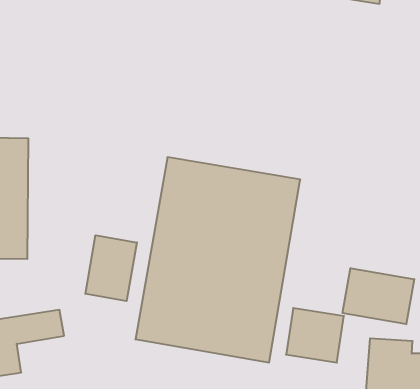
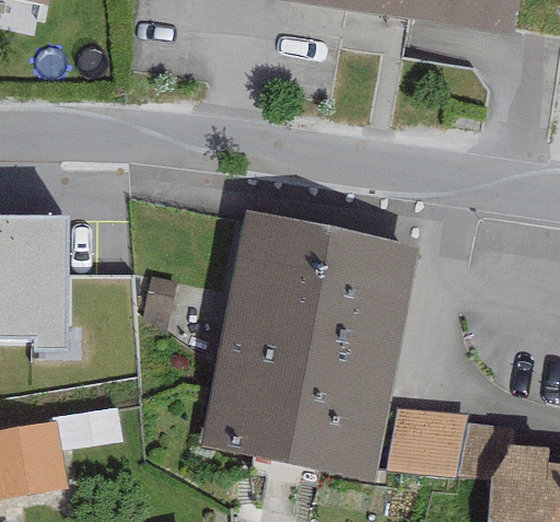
building: [85,235,137,301] -> none
building: [343,268,414,324] -> none

